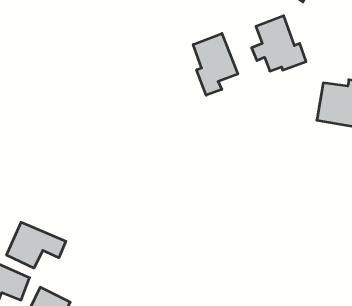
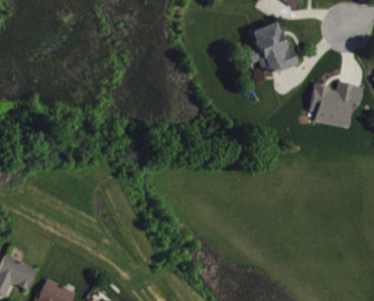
building: [193,33,238,95] -> none
building: [7,222,66,268] -> none

